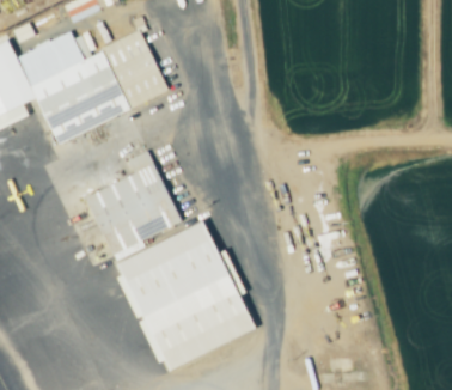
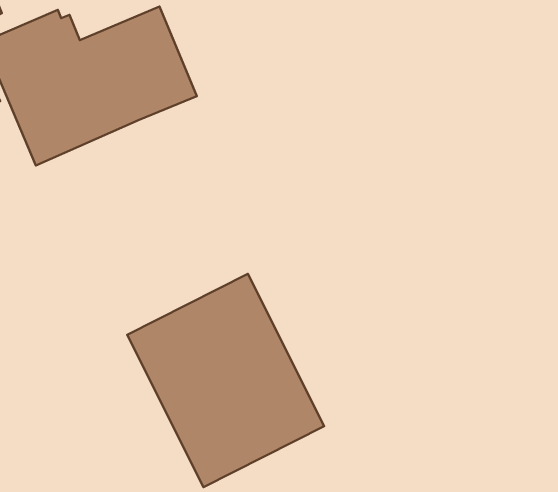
building: [84,151,182,257] -> none

